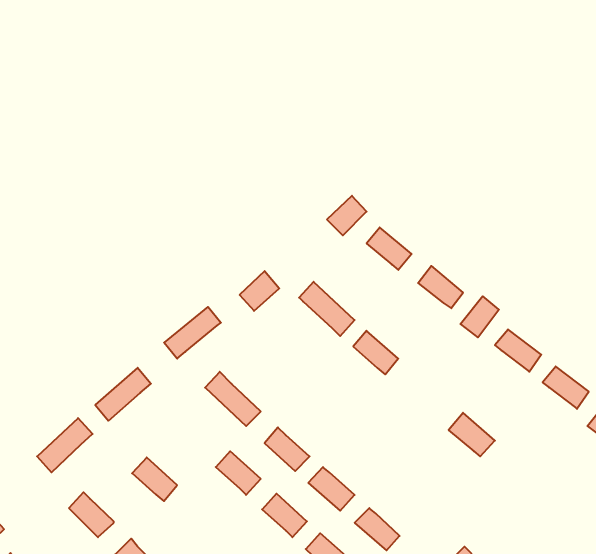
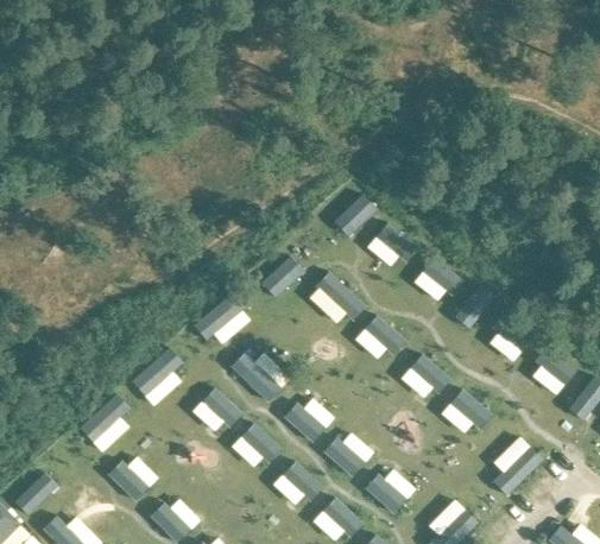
building: none -> [410,354,451,393]
building: [132,457,177,501] -> [202,387,242,426]
building: none -> [493,445,543,495]

